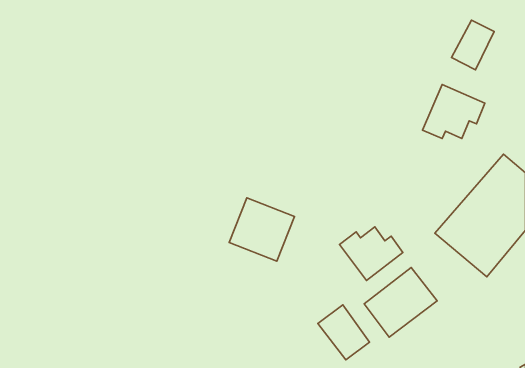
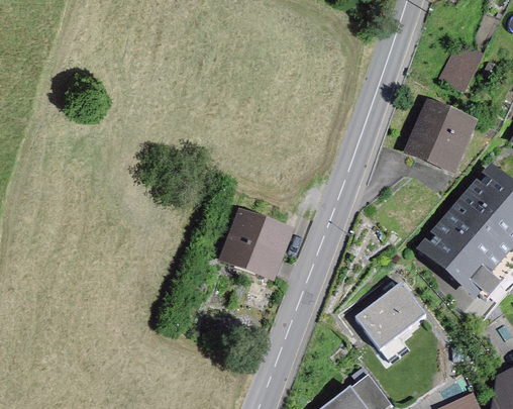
building: [339,227,403,280] -> none
building: [318,305,370,360] -> none

